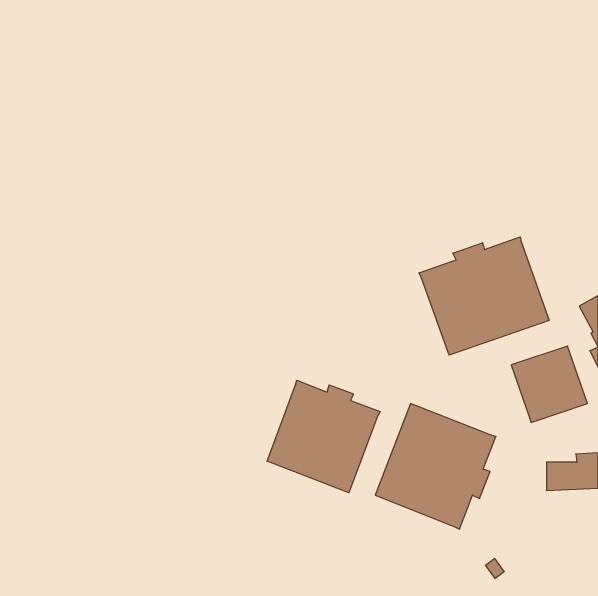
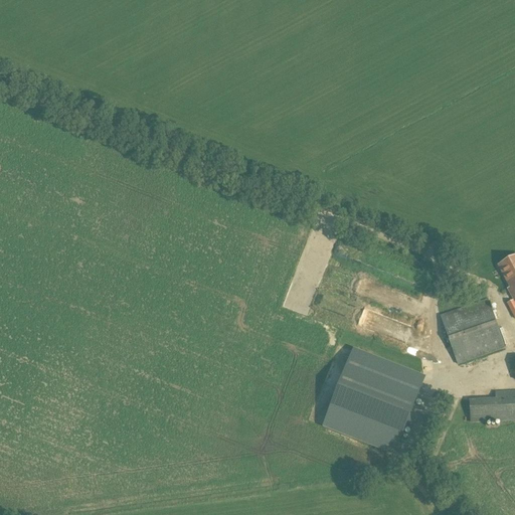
building: [419,237,549,355] -> none
building: [267,380,380,493] -> none

